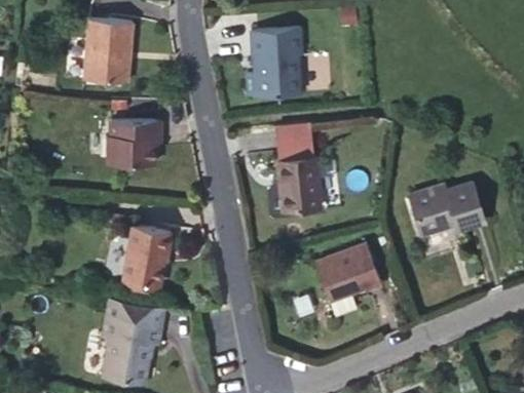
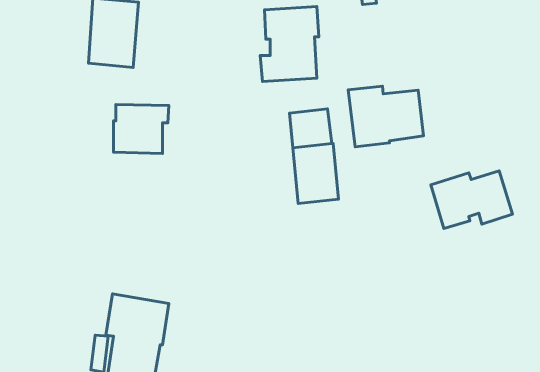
building: none -> [348,86,424,147]
building: [124,226,173,286] -> none
building: [316,243,382,318] -> none

